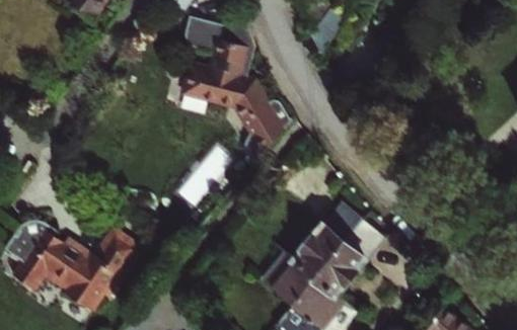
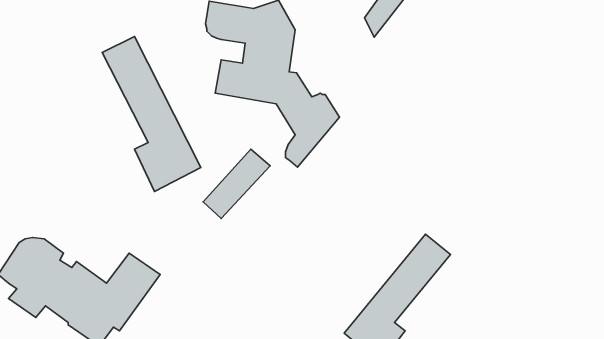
building: none -> [102,36,201,191]
building: [264,201,363,303] -> none

